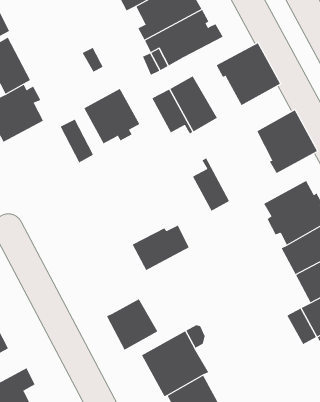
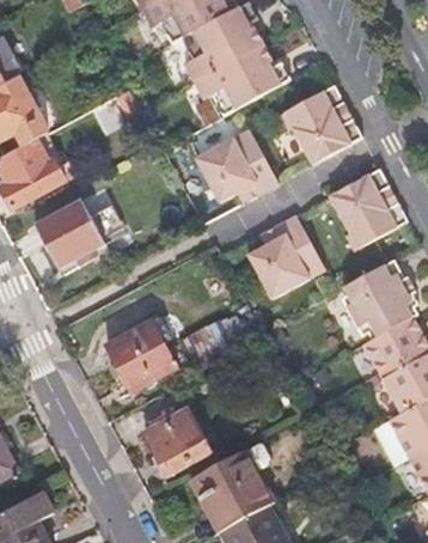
building: [83,88,140,144] -> [33,202,105,273]
building: none -> [268,215,328,286]
building: none -> [105,322,175,393]

